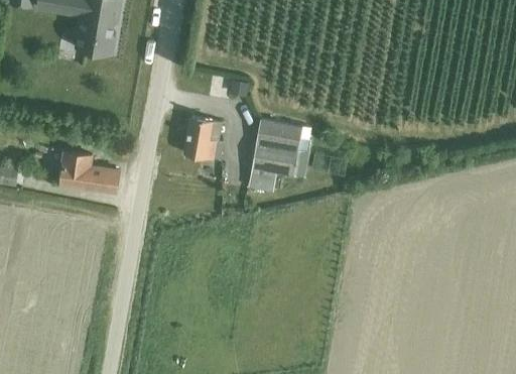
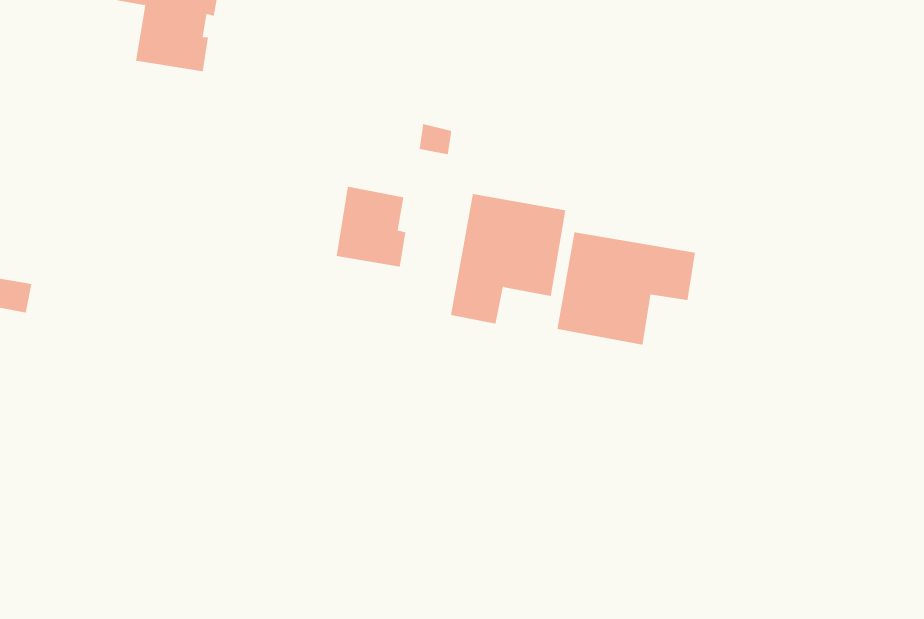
building: none -> [557,232,695,345]
building: [59,150,119,192] -> none

